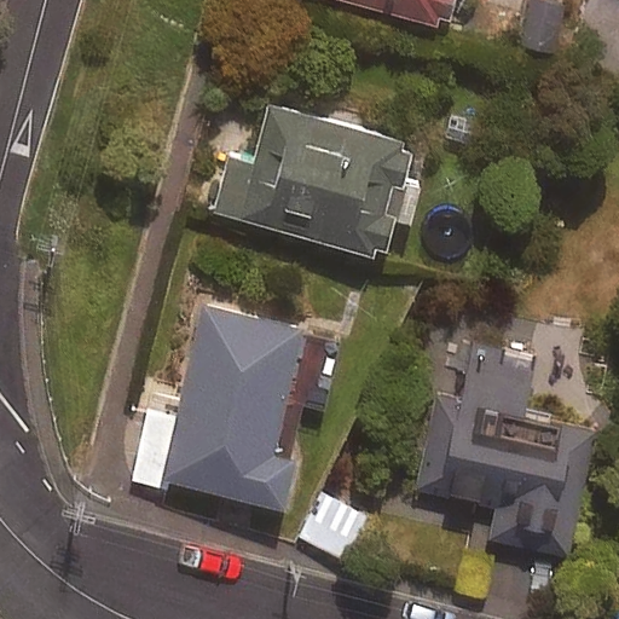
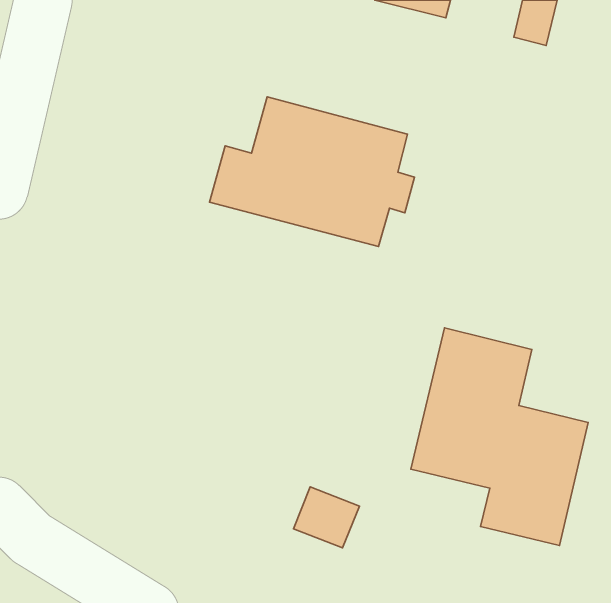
building: [132,306,341,505] -> none

